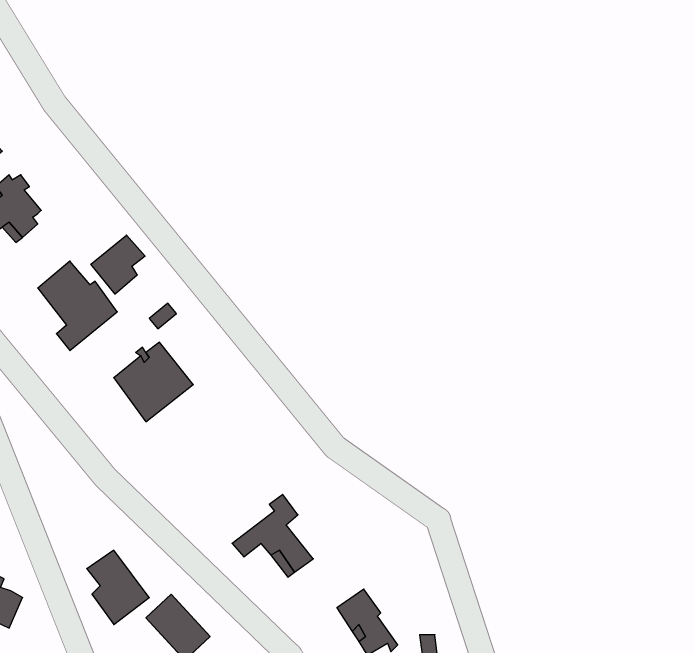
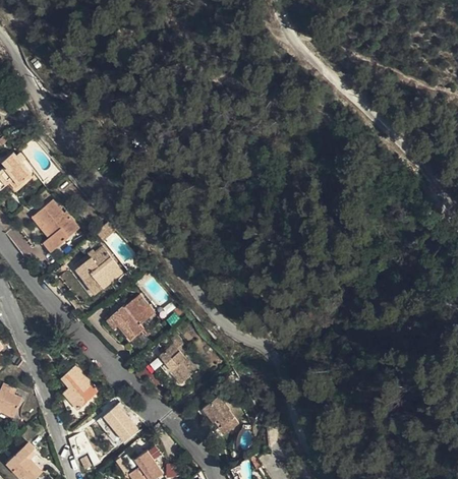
building: [91,235,145,294] -> none
building: none -> [112,296,158,343]

